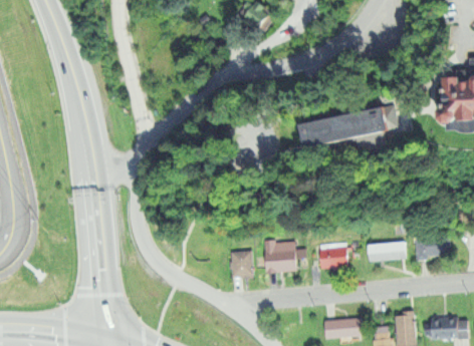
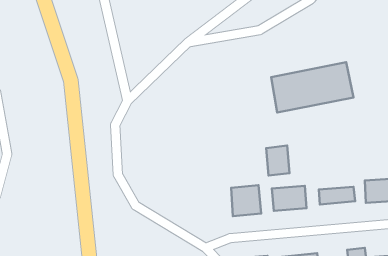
building: none -> [266,146,289,176]
building: [228,251,252,278] -> none

